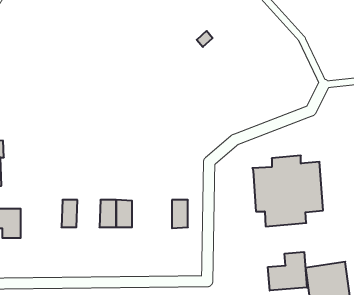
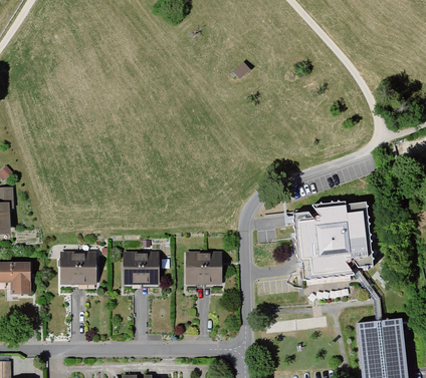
building: none -> [184,252,204,285]
building: none -> [59,253,79,284]
building: [268,252,307,291] -> none

